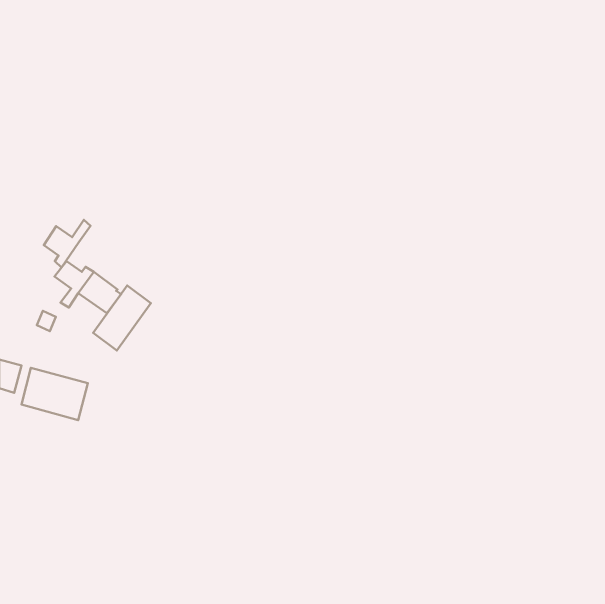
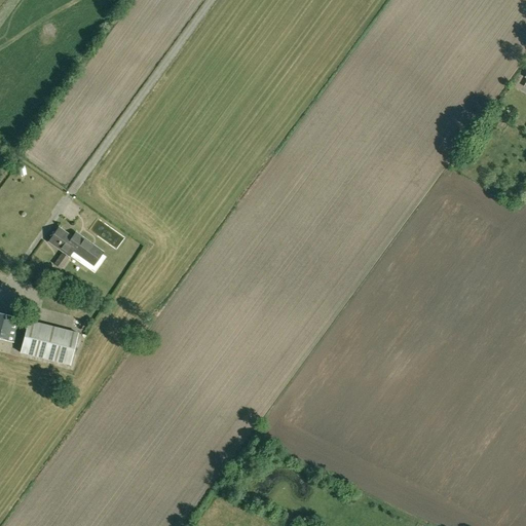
building: [44,220,91,267] -> none
building: [93,286,151,350] -> none

